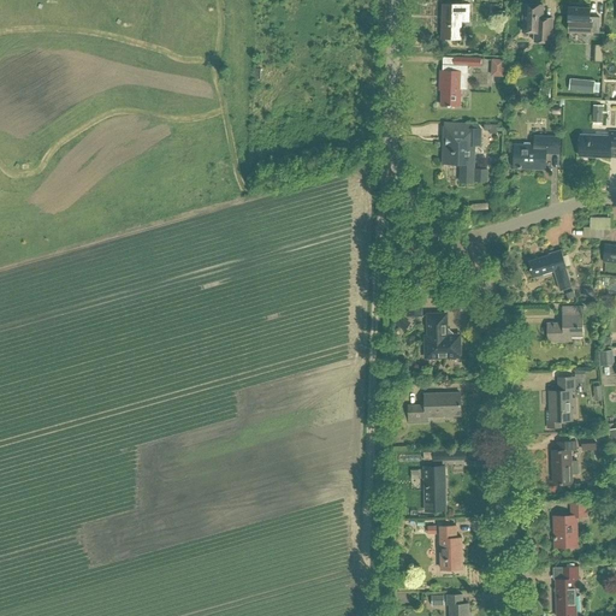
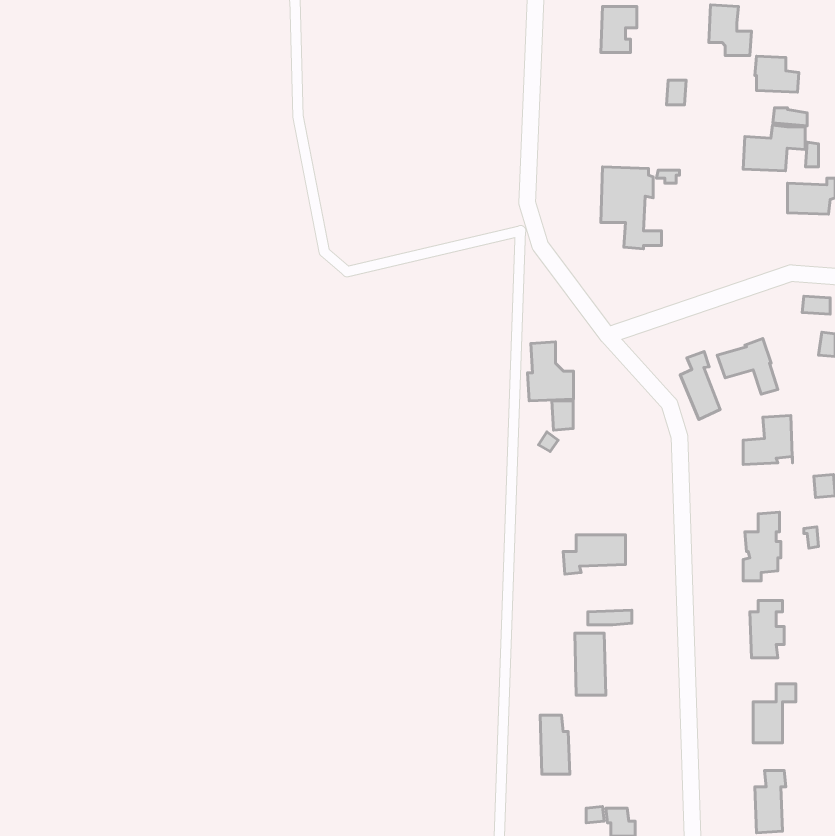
building: [567,6,599,32] -> [755,56,799,92]
building: [439,57,480,106] -> none
building: [513,136,558,170] -> [743,125,805,171]
building: none -> [680,352,720,419]
building: [425,314,458,357] -> [528,342,573,401]
building: [439,526,461,569] -> [540,715,570,774]

